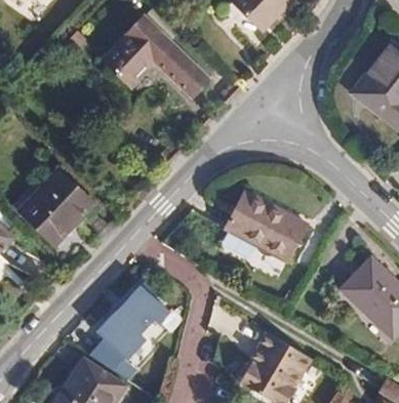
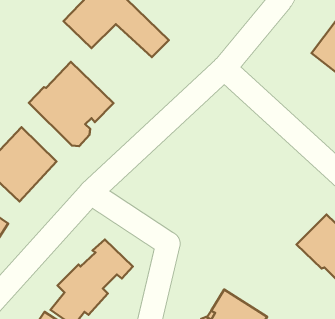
building: none -> [29,62,114,146]
building: [225,191,307,261] -> none

